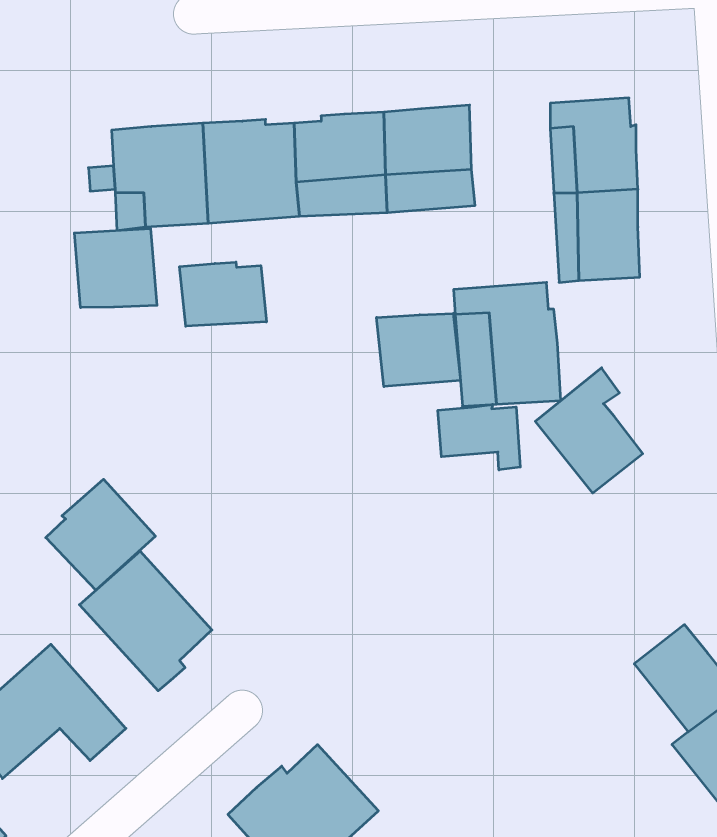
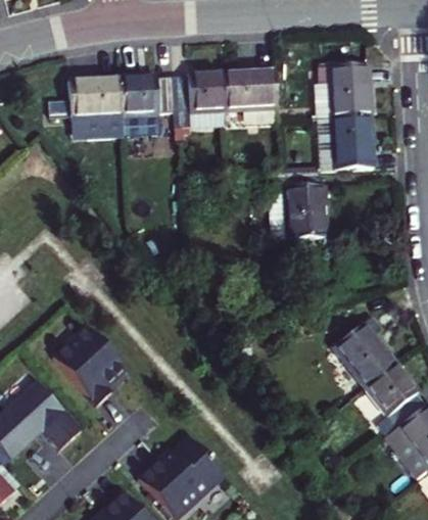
building: [74,229,157,308] -> none
building: [180,262,266,326] -> none
building: [377,313,460,387] -> none
building: [535,368,643,493] -> [337,317,398,388]
building: [438,404,520,470] -> none
building: [46,479,155,590] -> none

